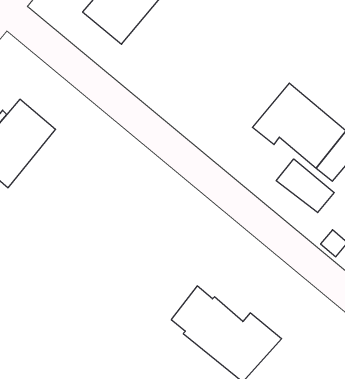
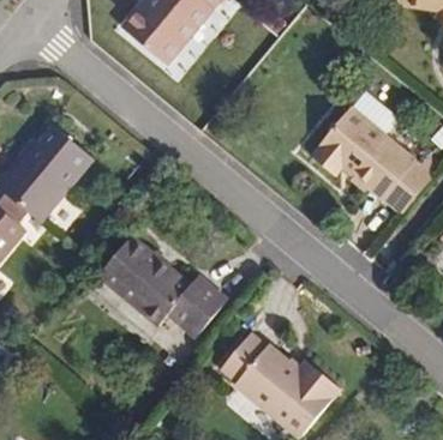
building: [276,159,334,213] -> none
building: none -> [97,236,228,338]

